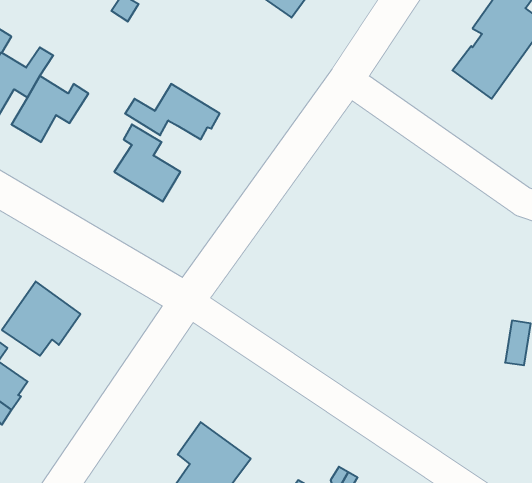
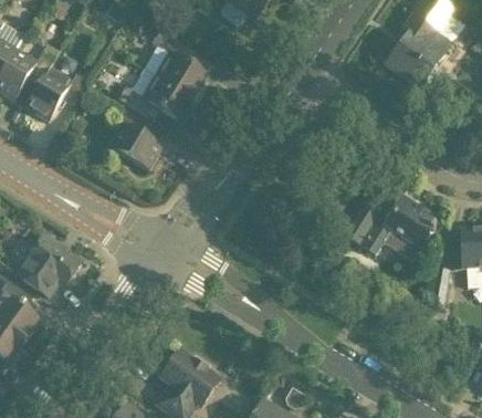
building: none -> [151,30,206,98]
building: none -> [344,196,436,260]

